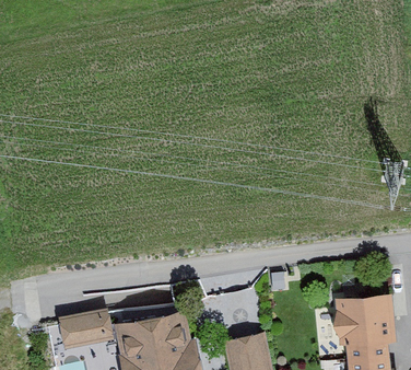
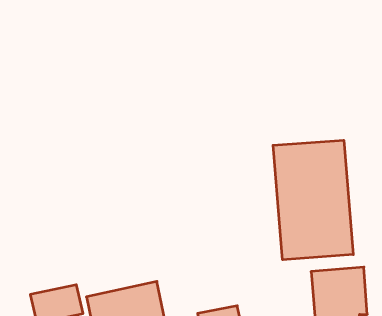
building: none -> [273,140,353,260]

